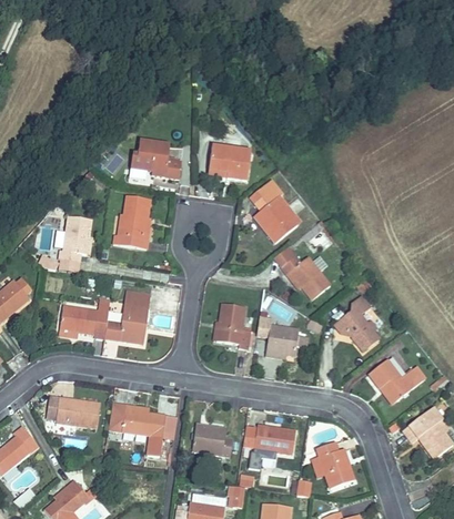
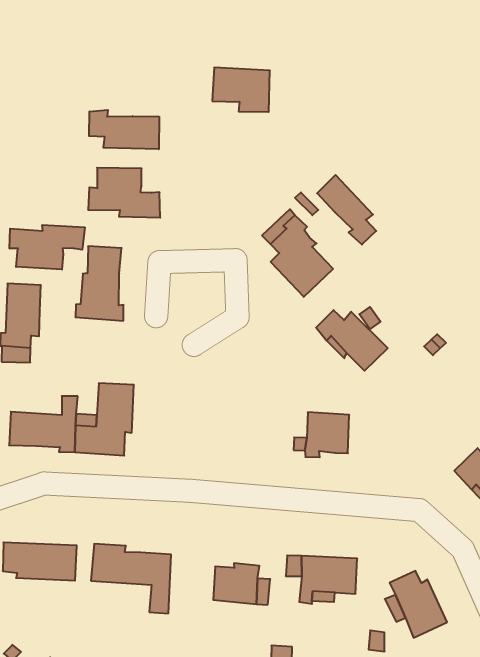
building: none -> [89,110,159,149]
building: [208,145,250,180] -> [212,68,270,112]
building: none -> [317,175,376,245]
building: none -> [10,225,85,270]
building: [334,295,379,349] -> none
building: [216,303,251,348] -> none

